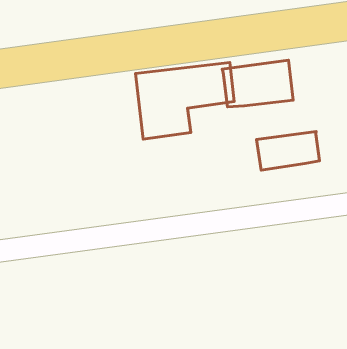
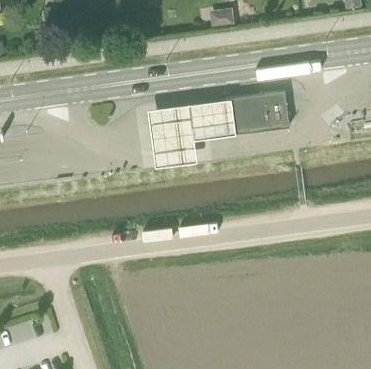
building: [256,131,320,170] -> none

